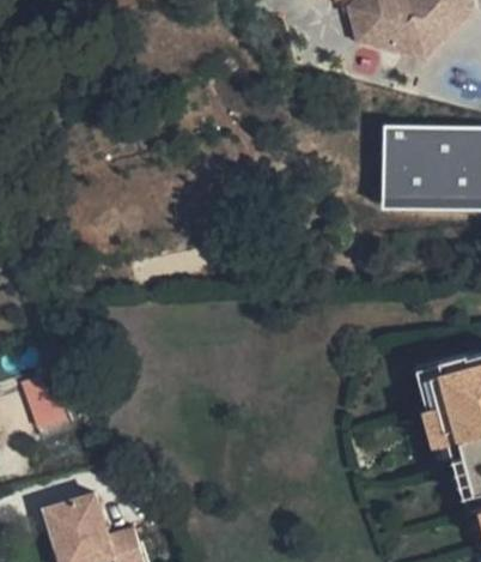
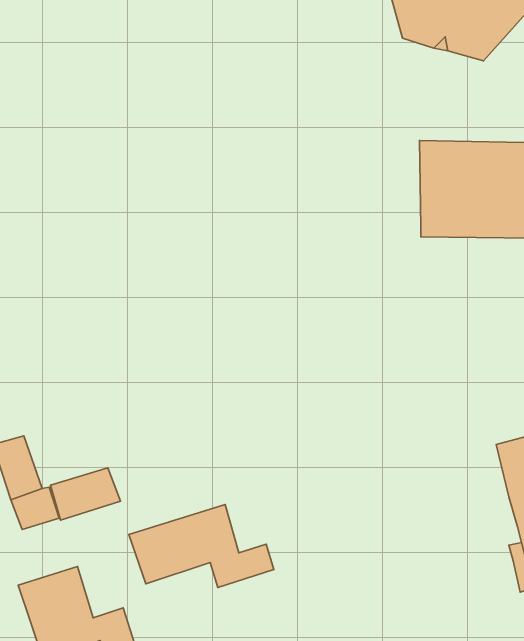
building: [415,376,461,457] -> none
building: none -> [50,468,120,520]
building: none -> [129,505,274,587]

